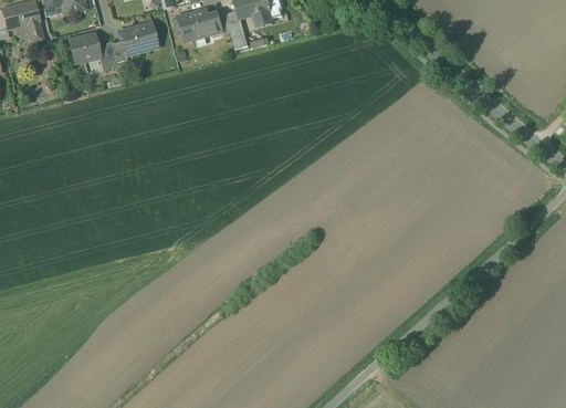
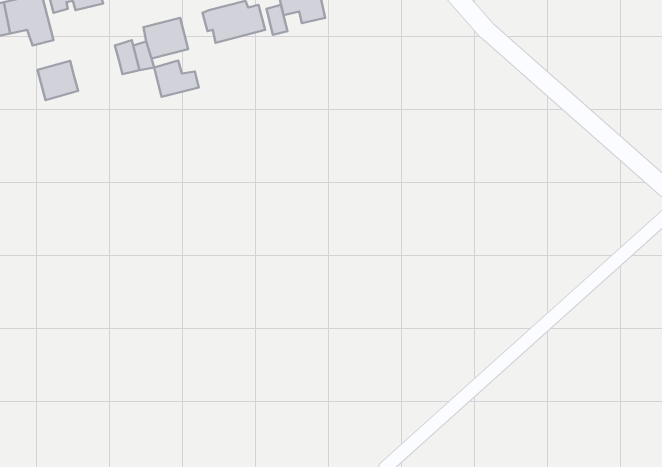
building: [66,31,101,64] -> [38,61,78,100]
building: none -> [154,61,199,97]

